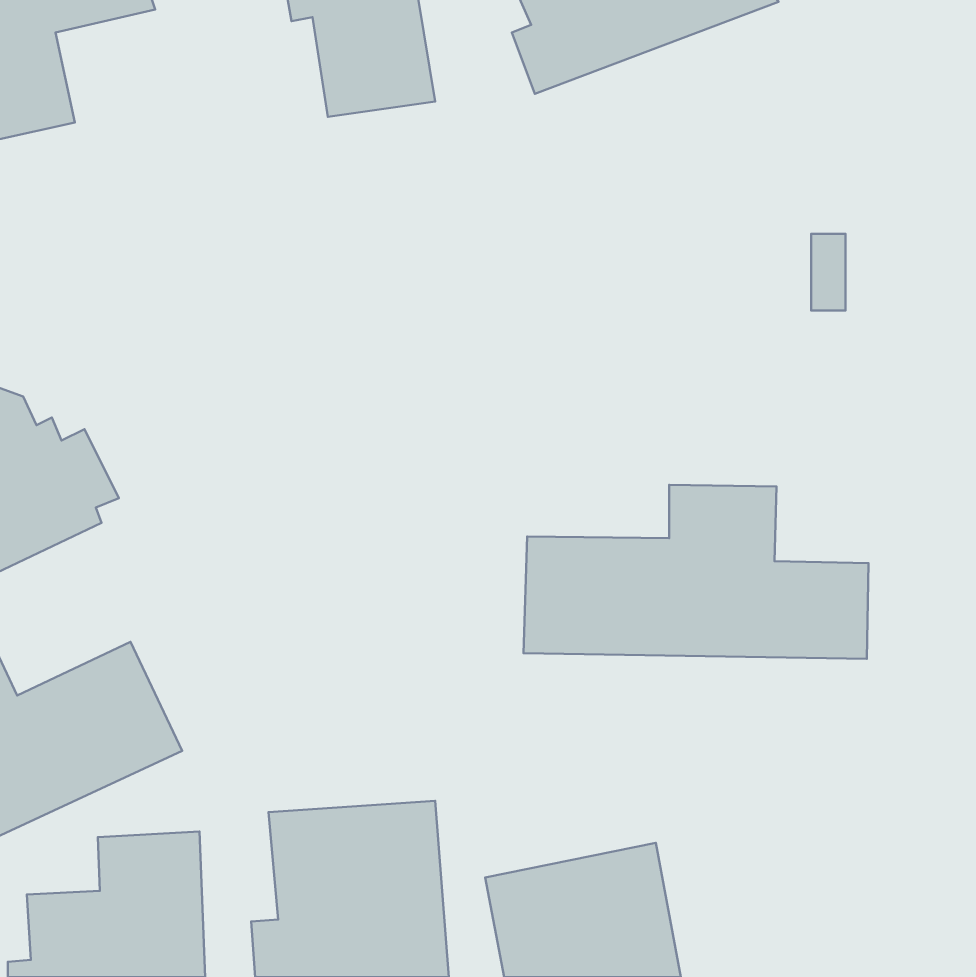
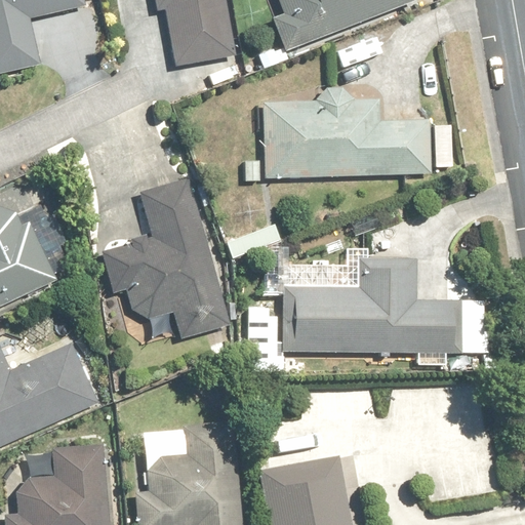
building: none -> [243,87,430,181]
building: none -> [99,178,232,335]

